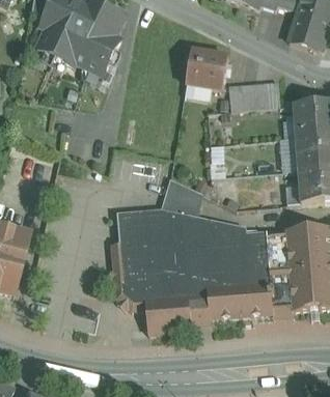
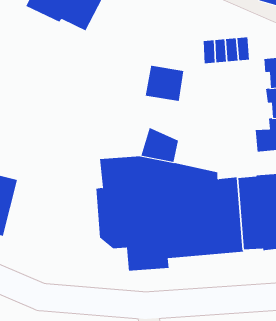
building: [187,49,229,88] -> [145,65,184,102]

